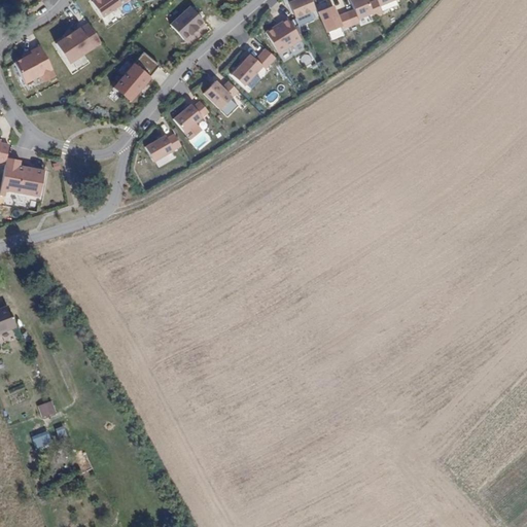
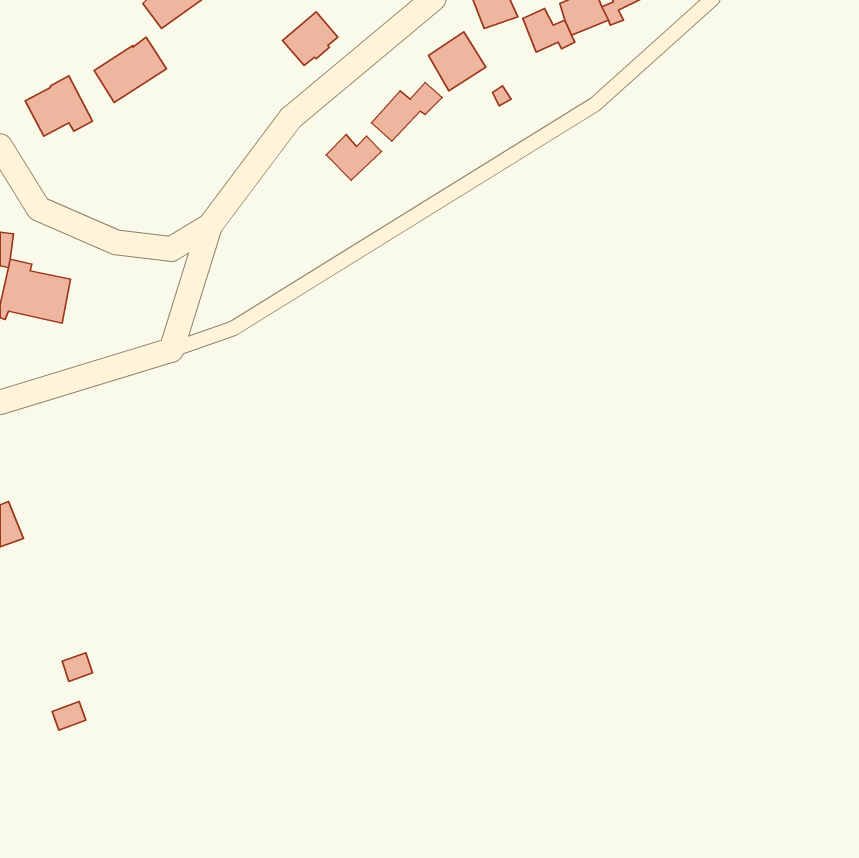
building: [116,51,161,100] -> none
building: [169,102,204,133] -> none
building: [141,134,176,162] -> none

